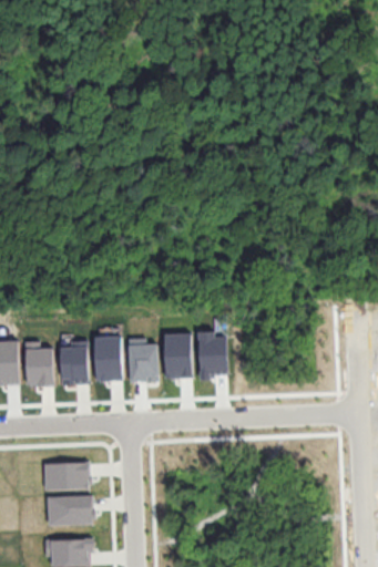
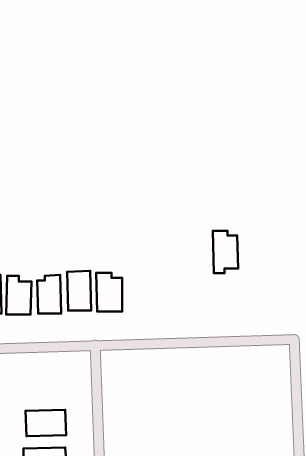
building: [198,331,227,380] -> [213,231,238,273]
building: [164,332,193,378] -> none
building: [44,462,90,489] -> none

